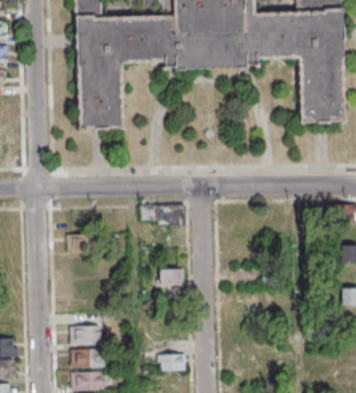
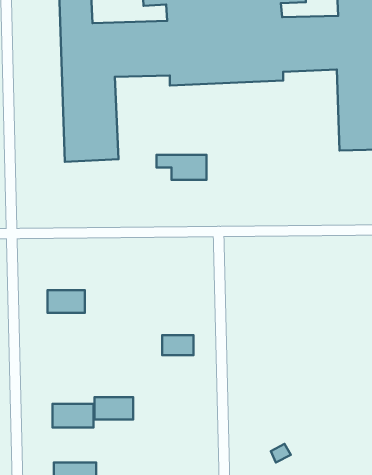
building: [145,205,185,225] -> [157,155,206,180]
building: [70,349,101,367] -> [95,397,133,420]
building: [158,354,183,370] -> none

